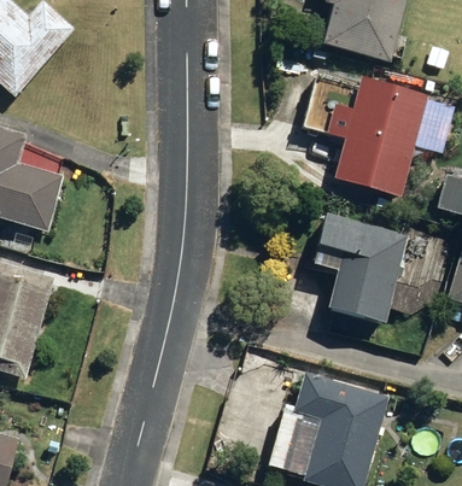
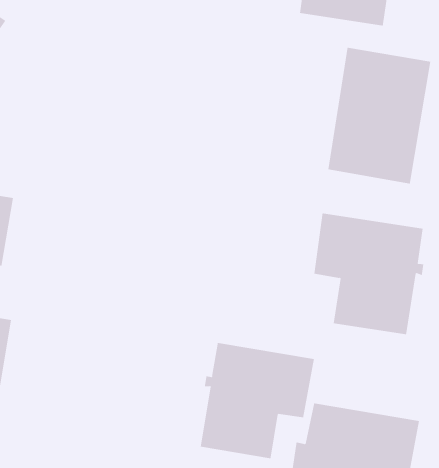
building: none -> [200,342,315,459]

